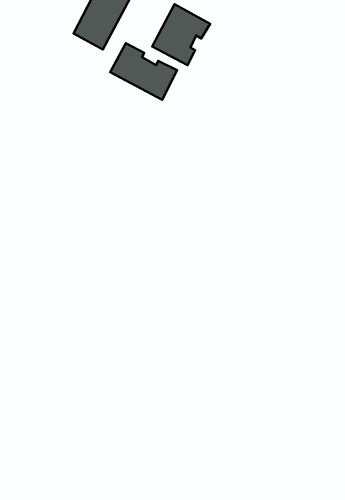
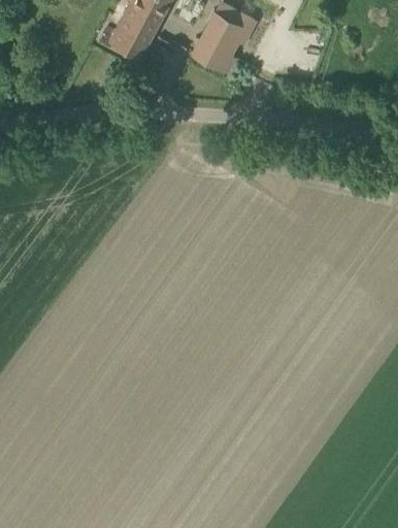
building: [110,43,177,100] -> none

